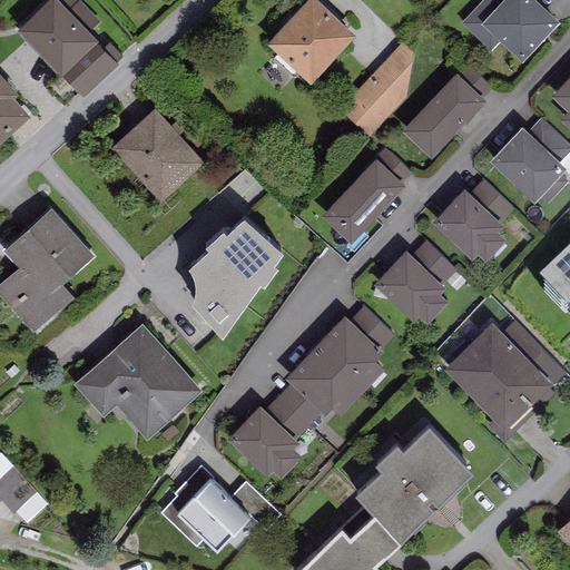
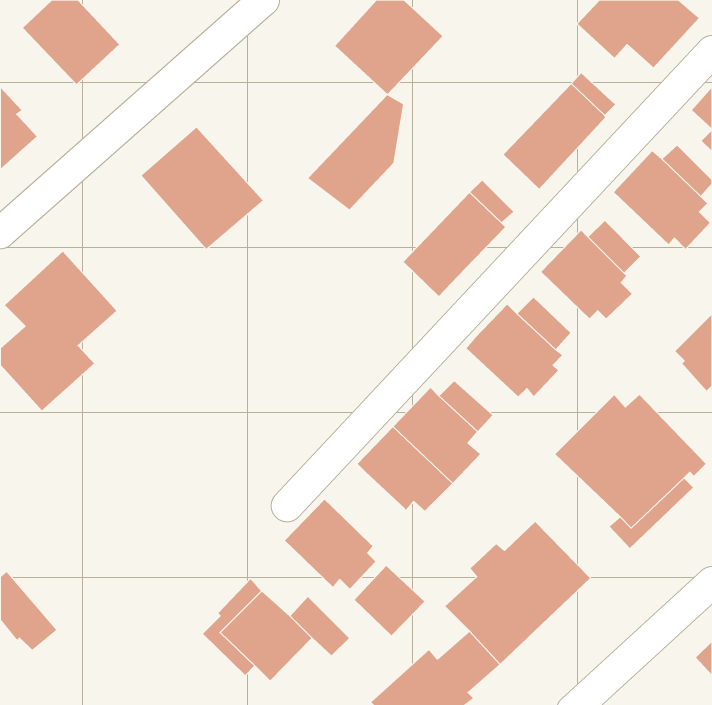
building: [61,41,118,97] -> none
building: [337,46,414,138] -> [308,95,404,210]
building: [188,210,282,332] -> none
building: [73,323,202,440] -> none
building: [266,383,323,440] -> [354,565,425,636]

